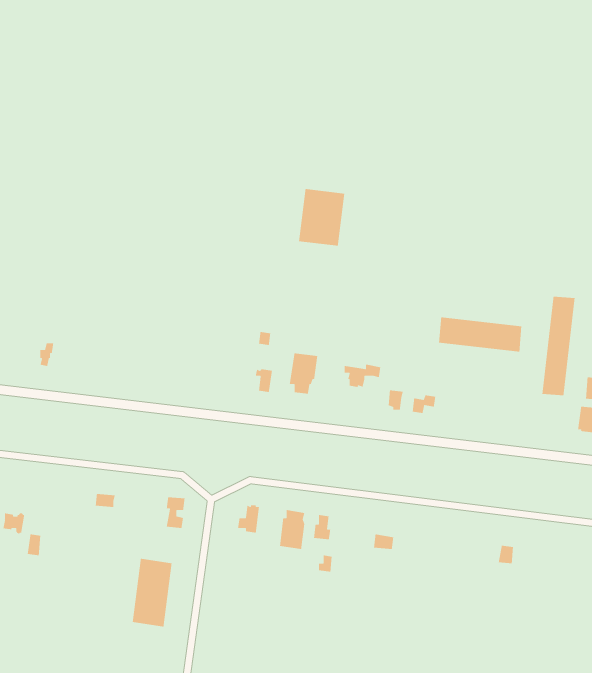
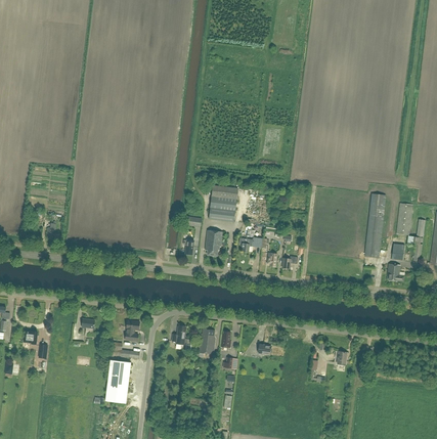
building: [298,188,345,247] -> [209,185,238,222]
building: [438,317,522,353] -> none

